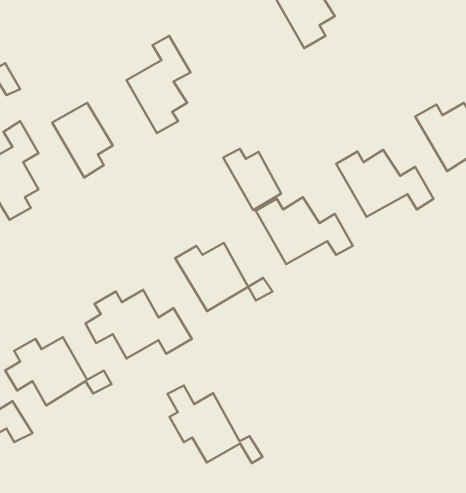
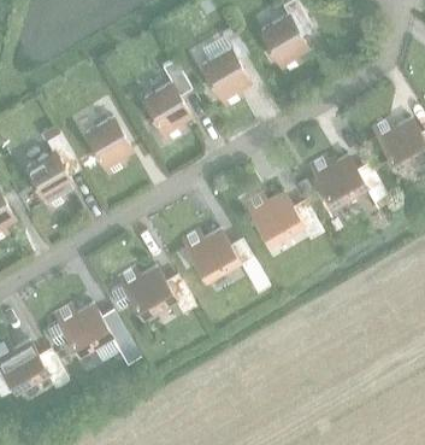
building: none -> [201,47,249,106]
building: [223,149,281,210] -> none
building: [168,386,262,463] -> none

